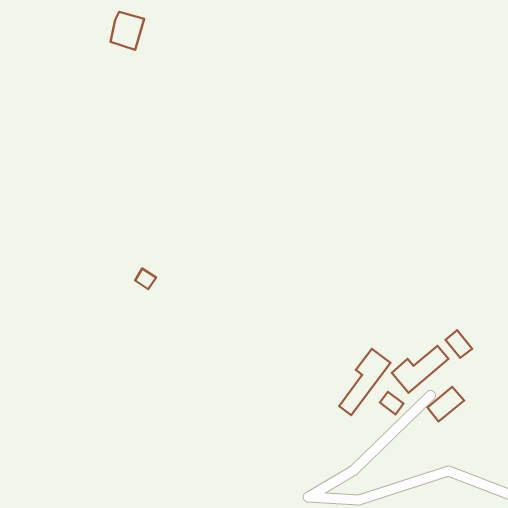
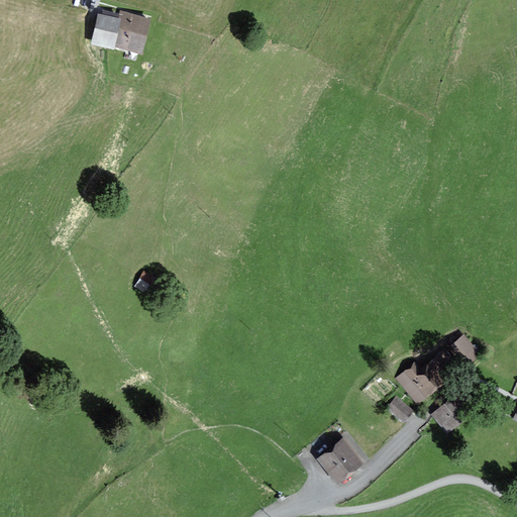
building: none -> [93,15,117,42]
building: [339,349,390,415] -> none
building: none -> [320,442,358,480]

